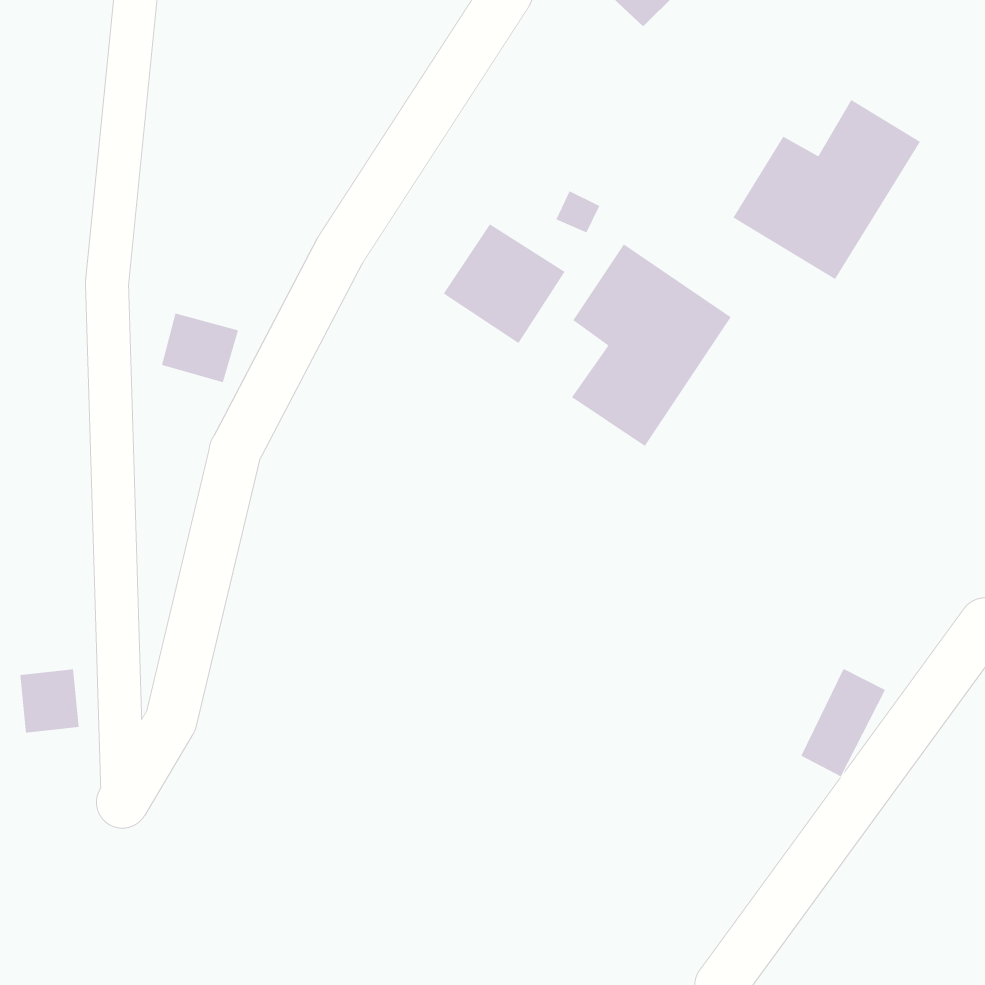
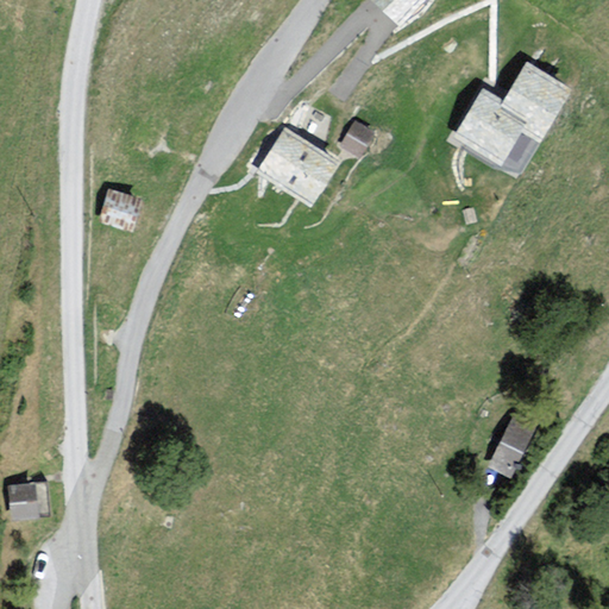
building: [571,243,731,447] -> none
building: [19,669,80,733] -> [10,479,46,519]

